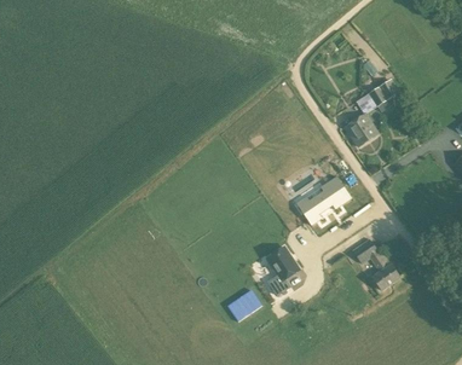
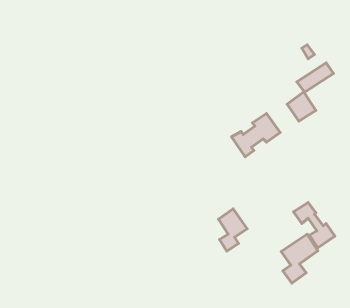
building: [294,175,350,225] -> [232,113,280,157]
building: none -> [281,234,318,283]

